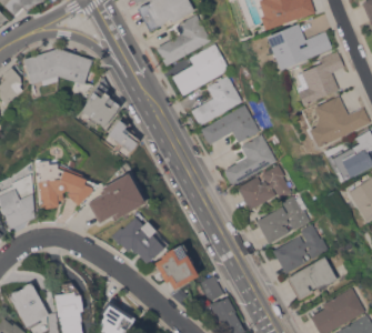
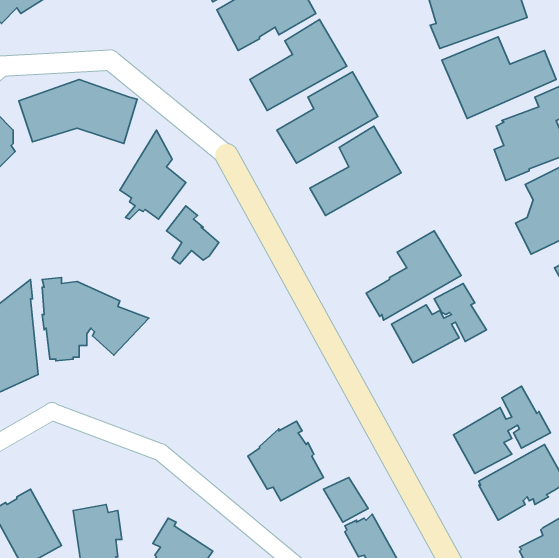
building: [201,105,260,145] -> none
building: [88,174,145,224] -> none
building: [257,196,311,244] -> none
building: [111,218,164,264] -> none

